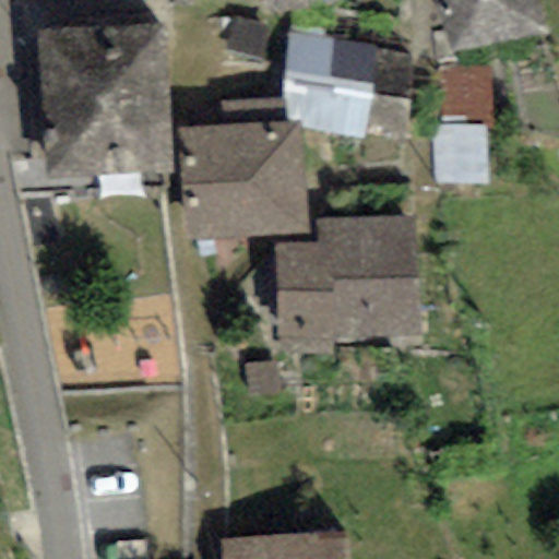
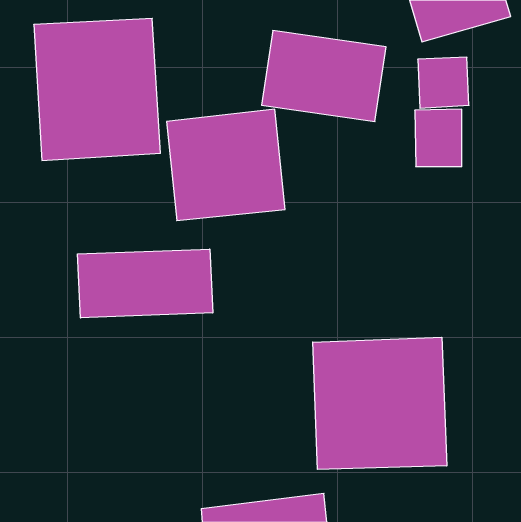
building: [273,216,416,358] -> none
building: none -> [78,249,213,318]
building: none -> [313,337,447,469]

